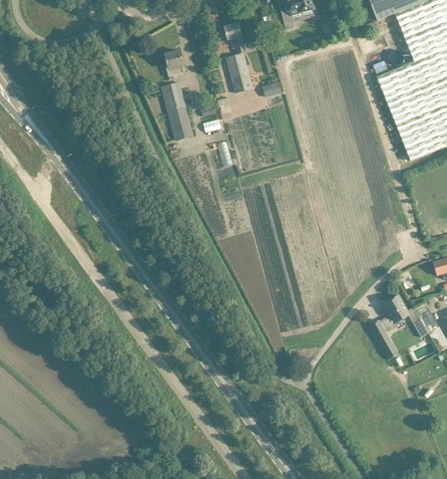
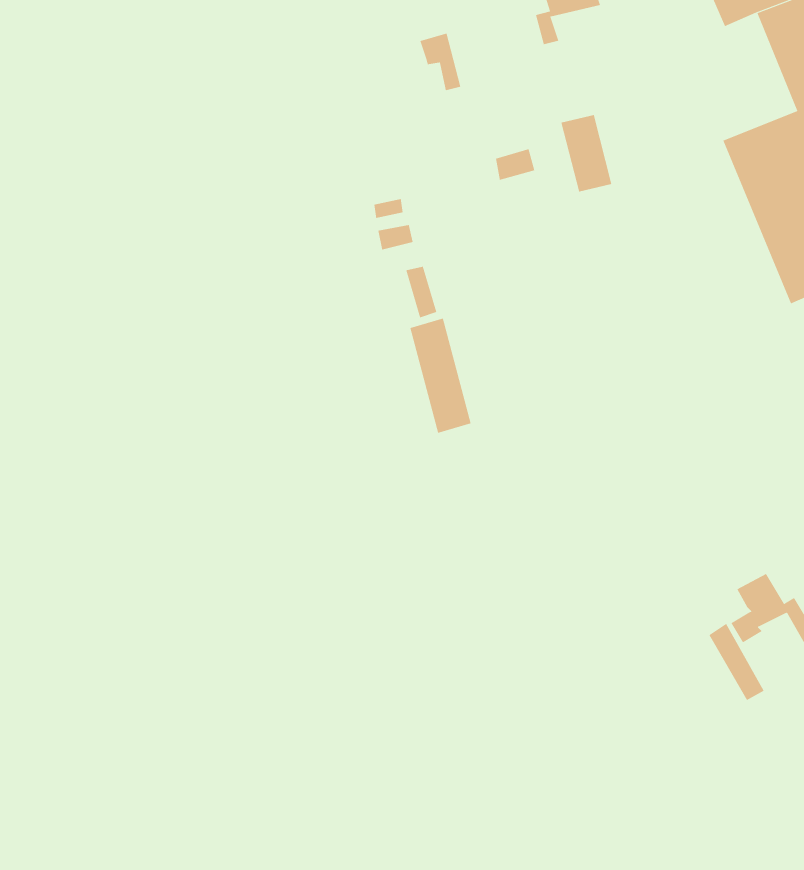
building: [166,50,185,76] -> none
building: [226,53,252,92] -> [560,114,612,192]
building: [162,82,193,141] -> [410,318,471,433]

